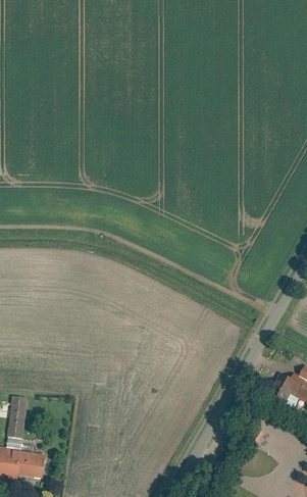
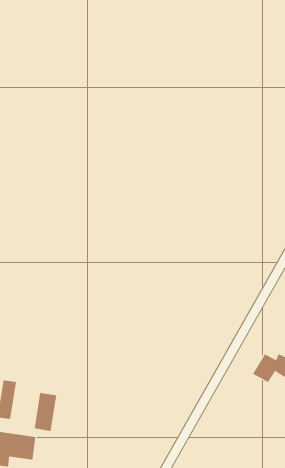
building: none -> [34,392,57,432]

